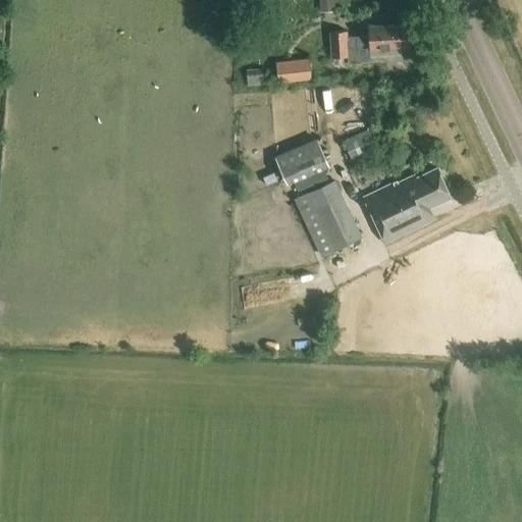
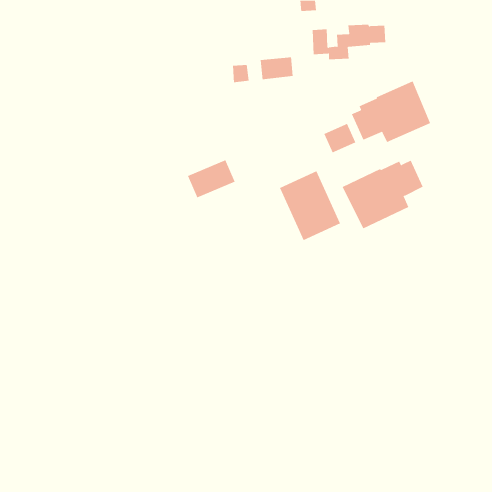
building: none -> [351,80,431,143]
building: [277,144,328,185] -> [187,160,235,198]

